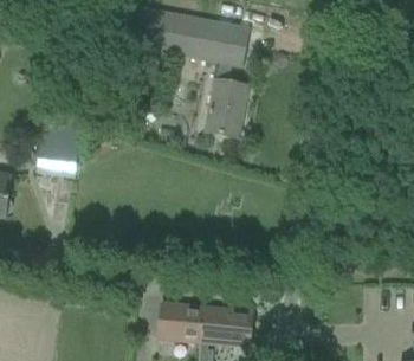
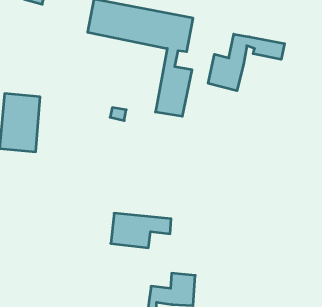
building: none -> [208,34,285,91]
building: [159,303,225,341] -> [111,213,171,248]

